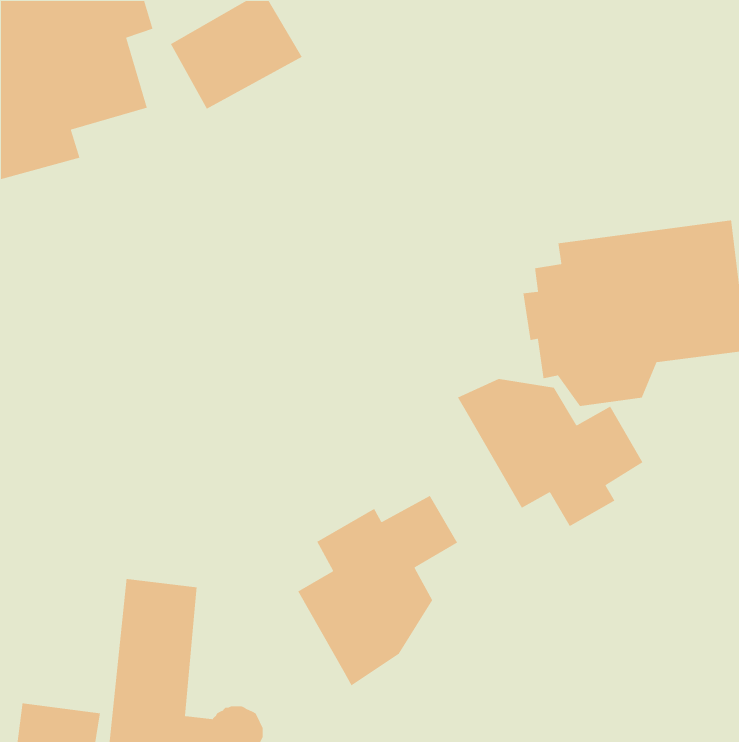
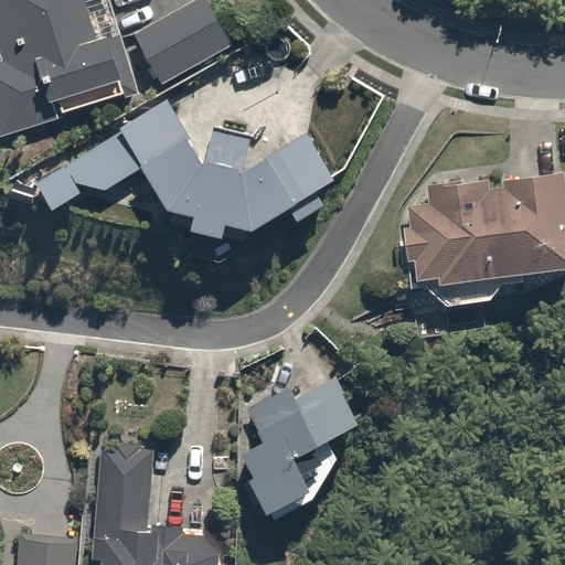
building: none -> [36,103,333,239]
building: [457,378,643,527] -> none

